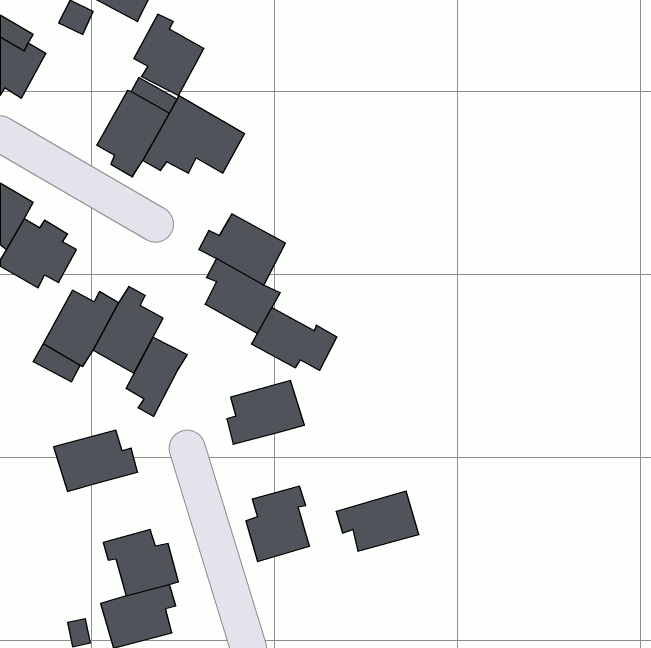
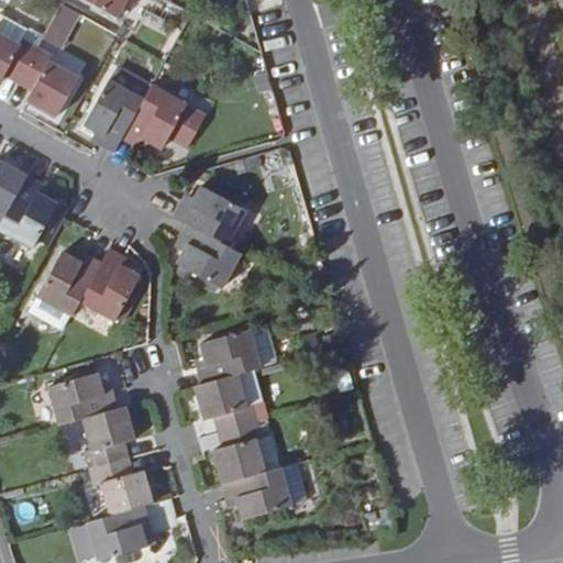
building: [134,14,204,95] -> [19,46,79,117]
building: [251,308,337,370] -> none
building: [126,337,187,416] -> none
building: none -> [194,374,258,431]
building: none -> [81,406,136,468]
building: [336,491,419,551] -> [222,467,294,519]

